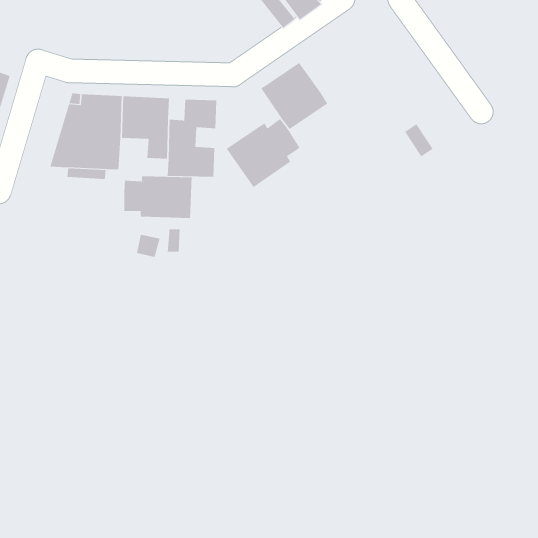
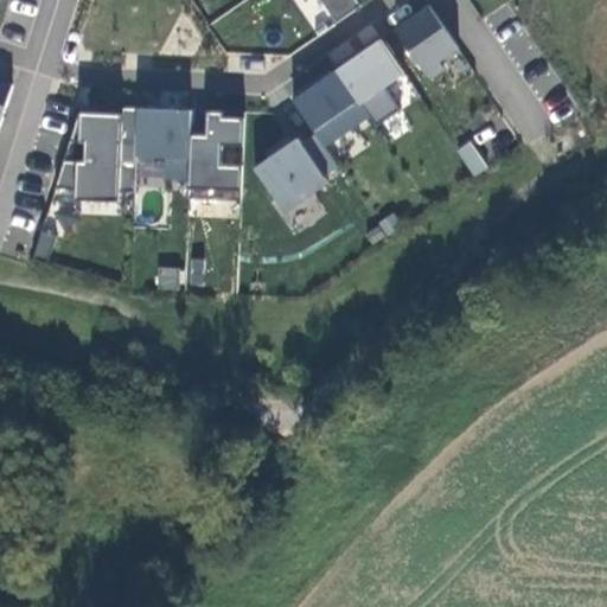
building: none -> [395,5,459,78]
building: none -> [337,39,404,103]
building: [124,176,192,219] -> none

